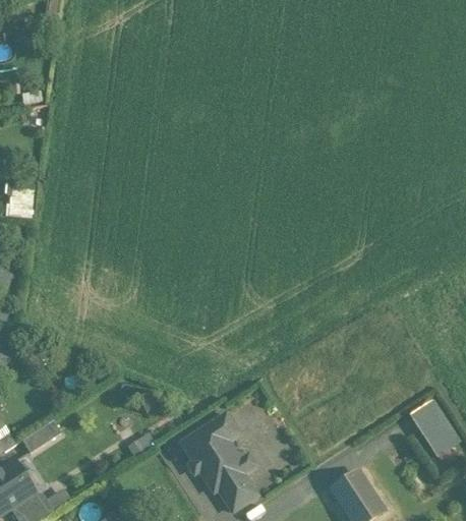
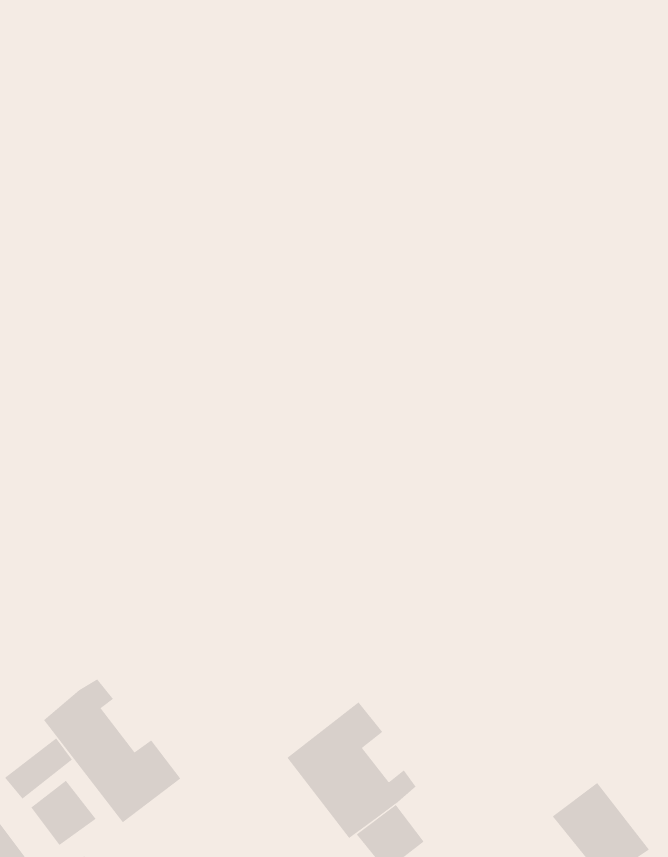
building: none -> [43,678,181,823]
building: none -> [30,780,96,846]

